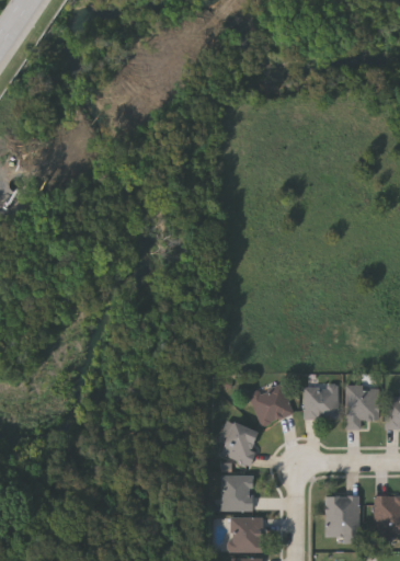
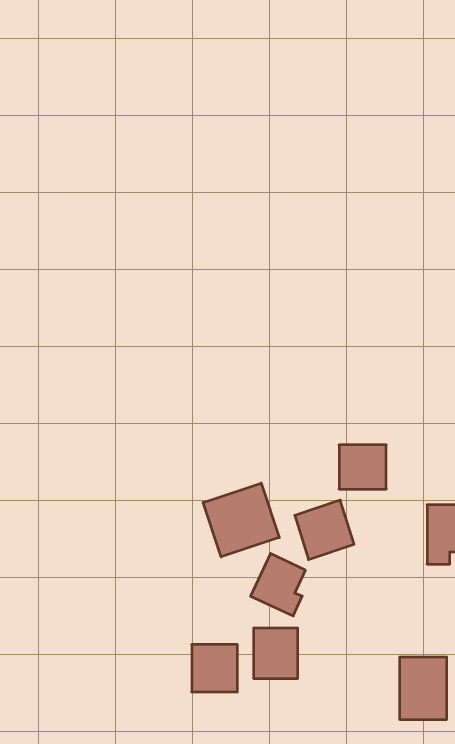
building: none -> [203,483,279,557]
building: [304,386,338,417] -> [339,445,386,489]
building: [229,517,262,551] -> [192,645,237,692]

